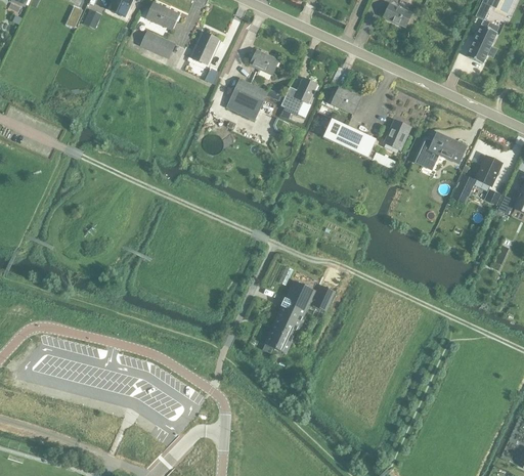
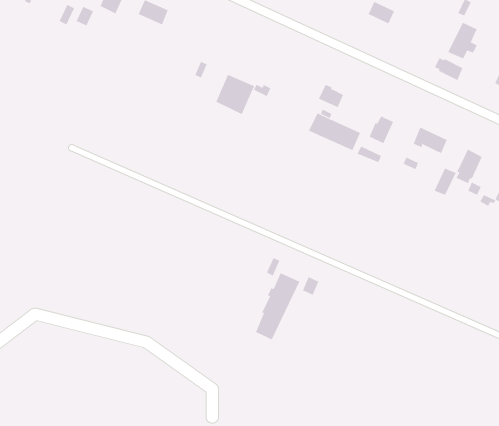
building: [140,29,175,56] -> none
building: [191,31,218,62] -> none
building: [250,48,278,73] -> none
building: none -> [434,57,463,81]
building: [280,77,316,113] -> none

